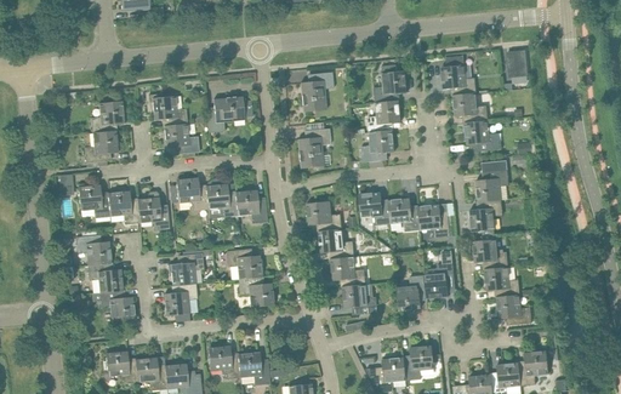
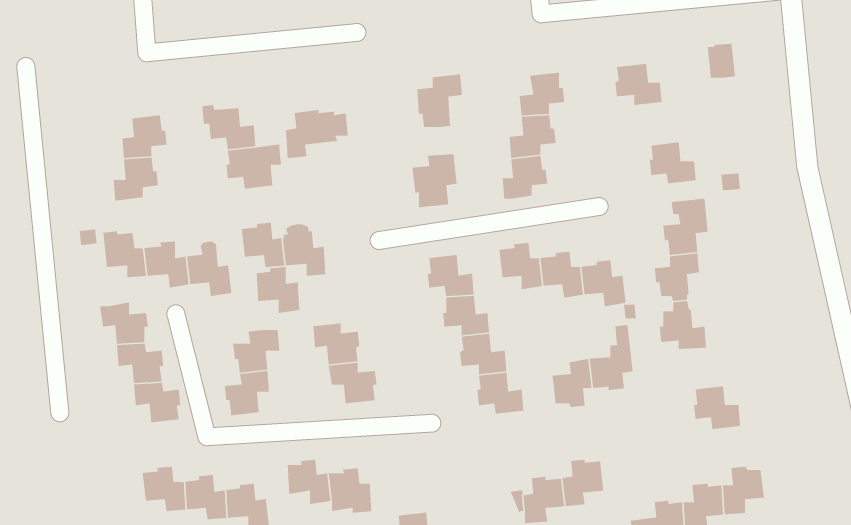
building: [454,92,488,122] -> none
building: [235,189,267,223] -> [256,266,300,314]
building: [485,267,519,296] -> none

